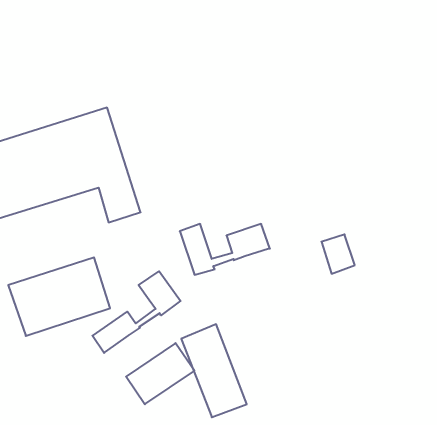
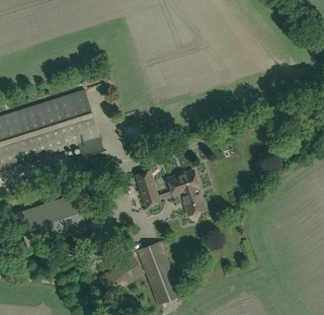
building: [321,234,355,274] -> [181,186,205,214]
building: [92,271,181,353] -> none

